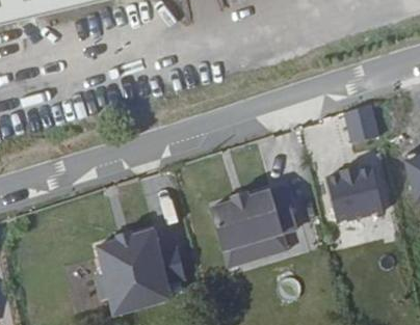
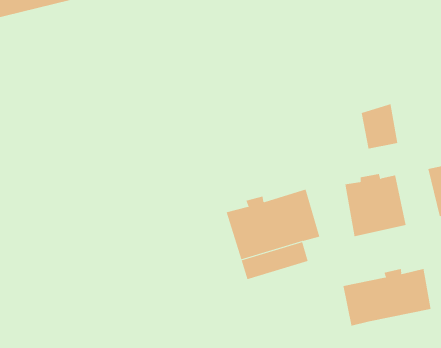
building: [105,218,196,303] -> none
building: none -> [343,268,431,326]

